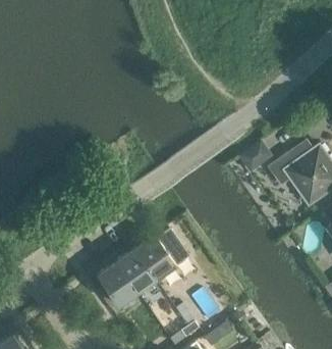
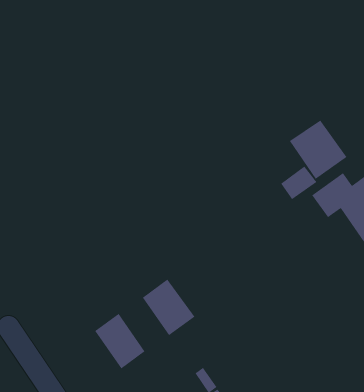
building: none -> [289,120,348,180]
building: [116,249,156,292] -> none

